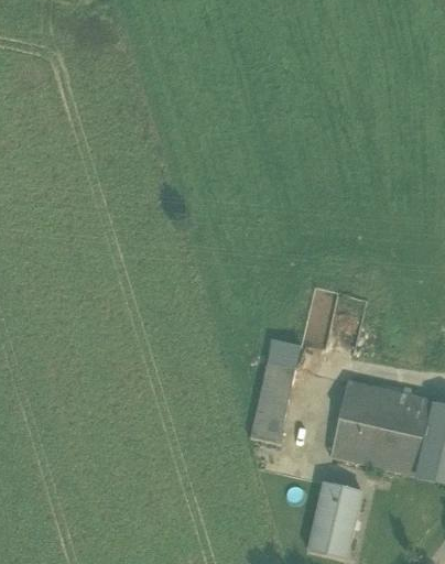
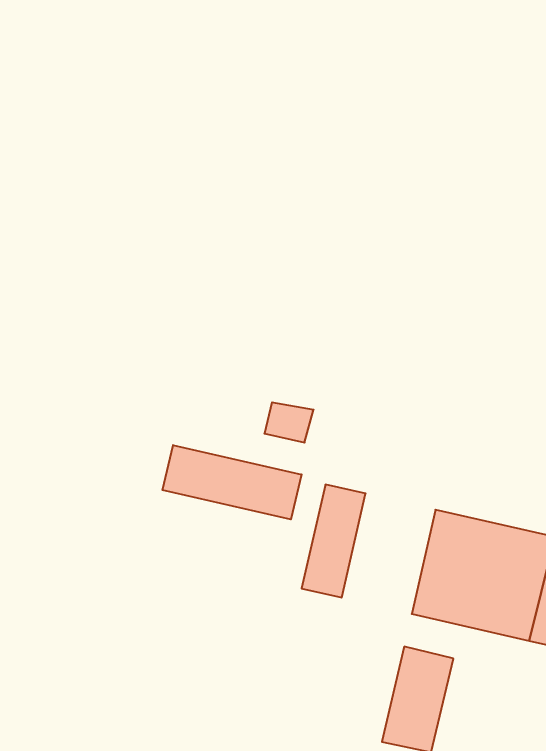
building: none -> [162,445,302,519]
building: [267,337,303,367] -> [264,402,314,443]

